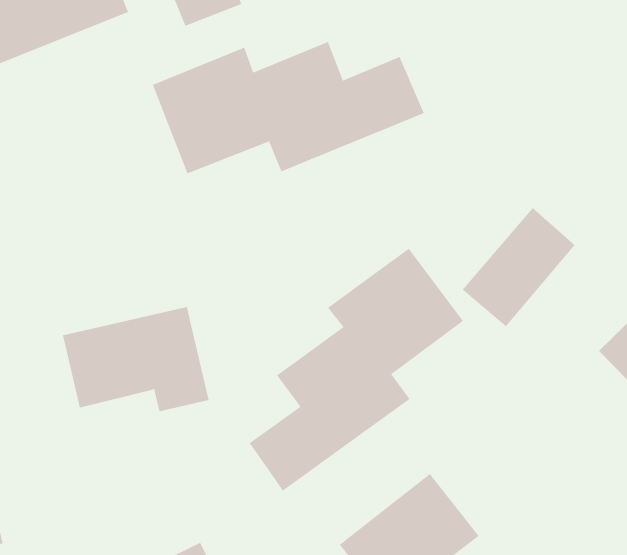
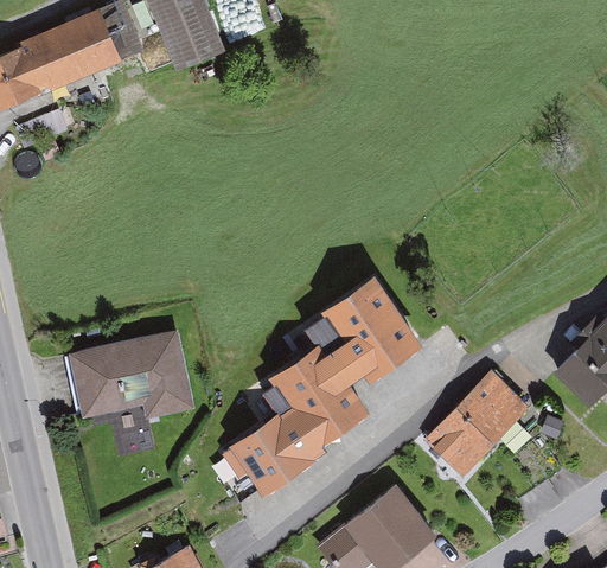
building: [152,41,424,174] -> none
building: [462,207,575,327] -> [426,371,529,480]

